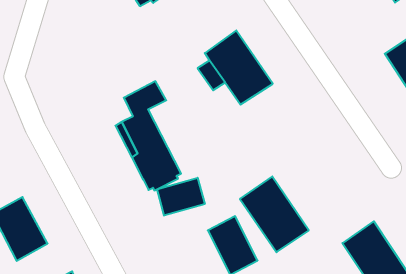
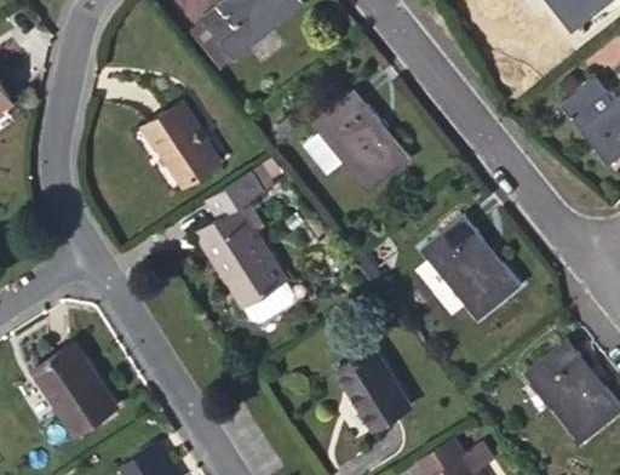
building: none -> [147,103,217,187]
building: [240,176,309,252] -> [421,214,521,320]
building: [157,178,205,216] -> none

